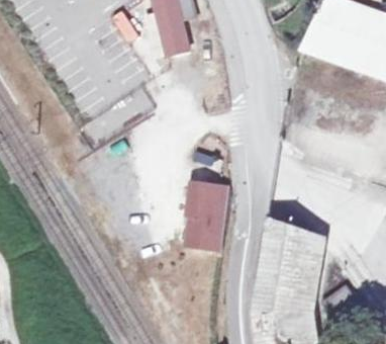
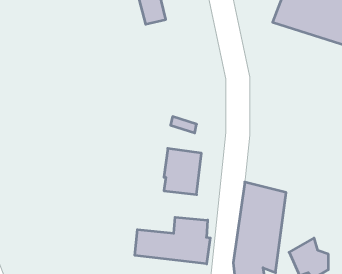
building: none -> [135,217,210,264]

